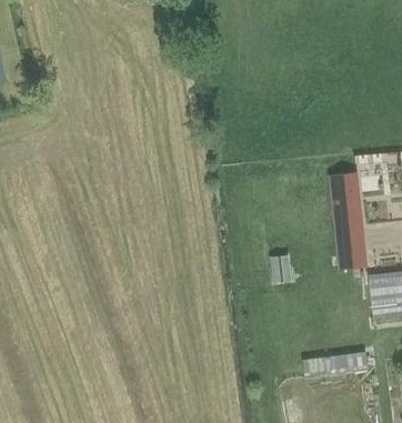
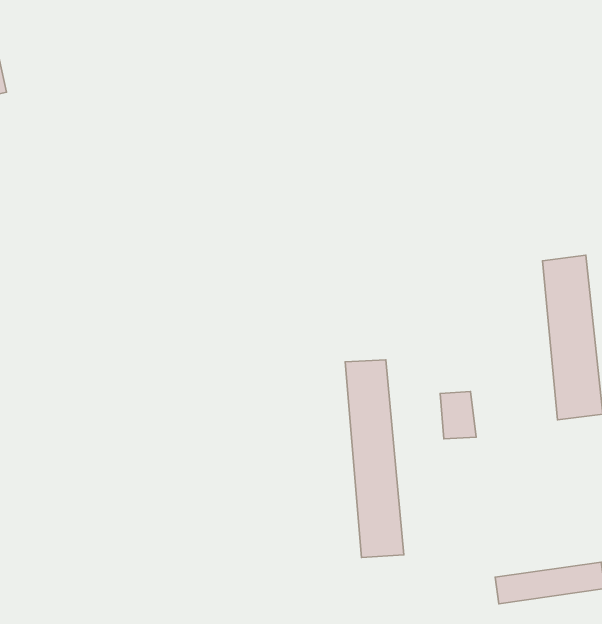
building: none -> [345,360,404,557]

